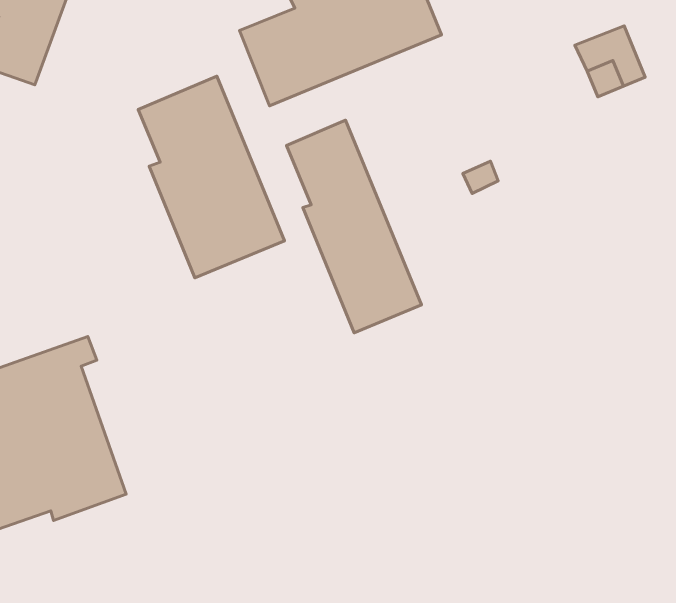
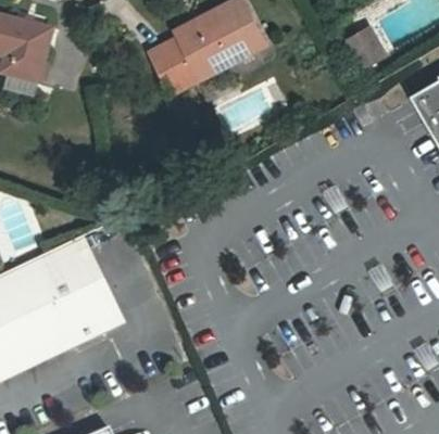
building: [138,76,284,278] -> none
building: [287,120,421,333] -> none

